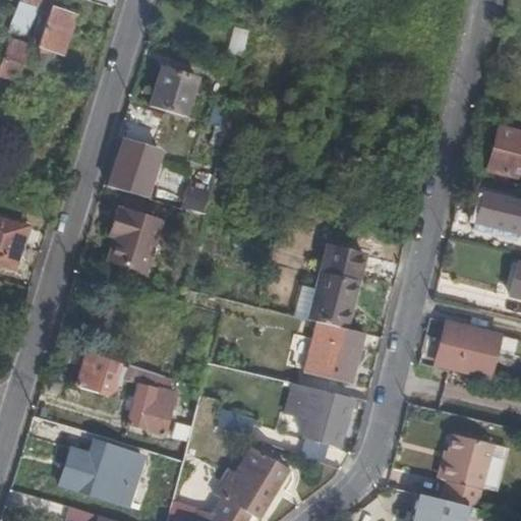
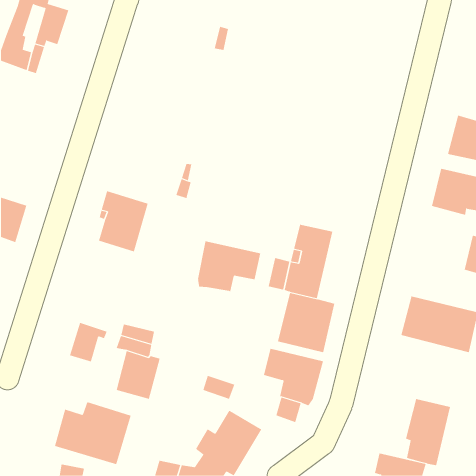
building: [154,66,200,116] -> none
building: [109,153,157,199] -> none
building: none -> [198,240,261,292]

